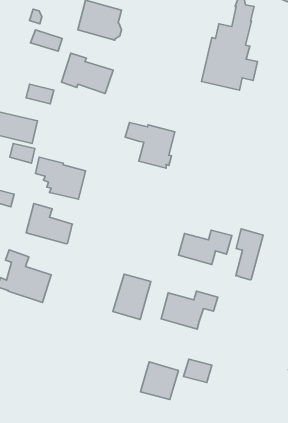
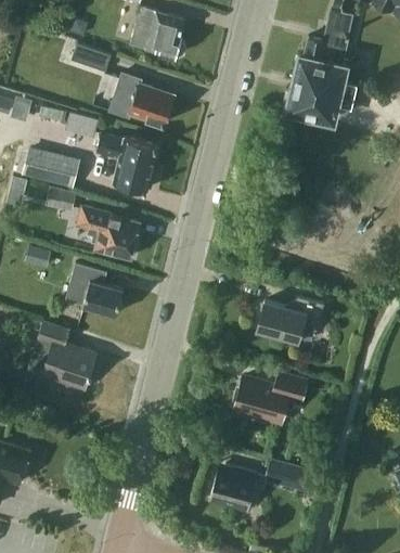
building: [125,122,175,168] -> [95,133,158,191]
building: [236,229,263,280] -> none
building: [113,274,151,320] -> none

